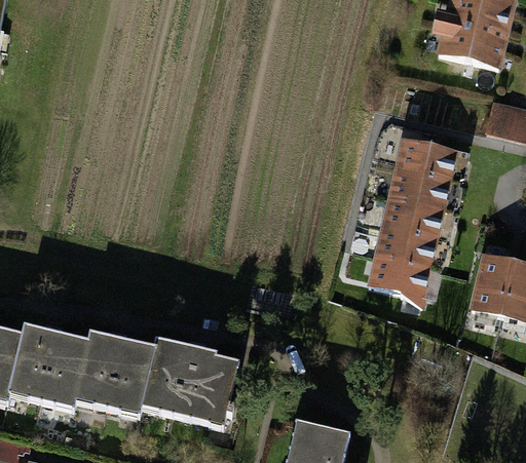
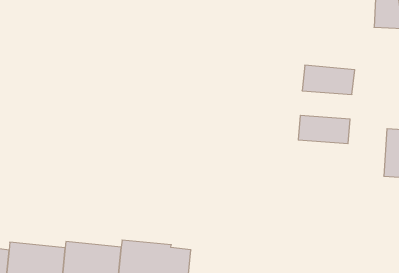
building: [394,138,459,180] -> none
building: [381,196,446,237] -> none
building: [368,254,434,295] -> none

